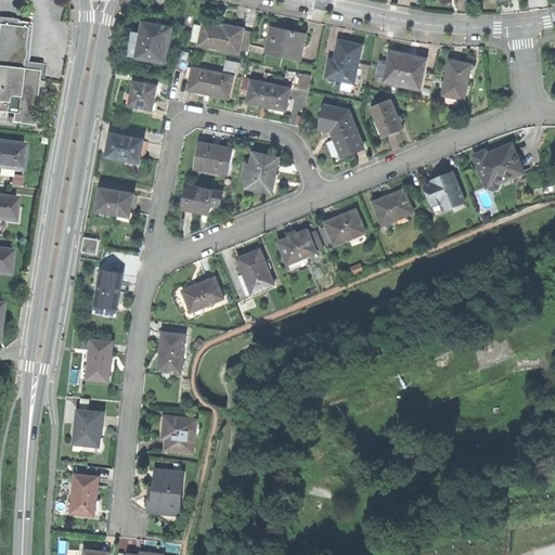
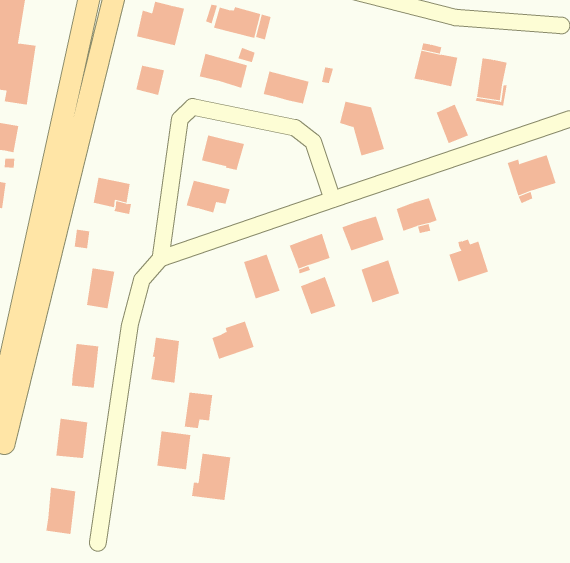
building: [264,27,304,59] -> none
building: [325,40,360,81] -> none
building: [373,99,404,135] -> [436,104,469,144]
building: [105,133,142,164] -> none
building: [243,152,278,192] -> none
building: [425,172,463,212] -> [449,239,489,282]
building: none -> [361,260,400,303]
building: none -> [300,276,336,315]
building: [183,273,223,310] -> [211,321,255,359]
building: none -> [184,392,213,429]
building: [150,470,184,513] -> [191,453,231,500]

